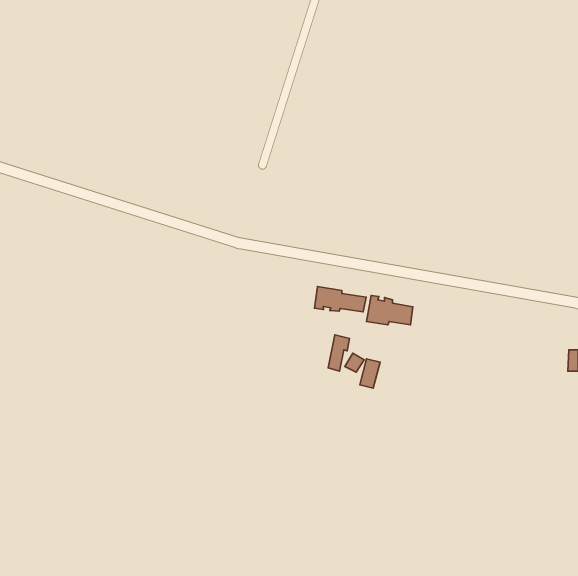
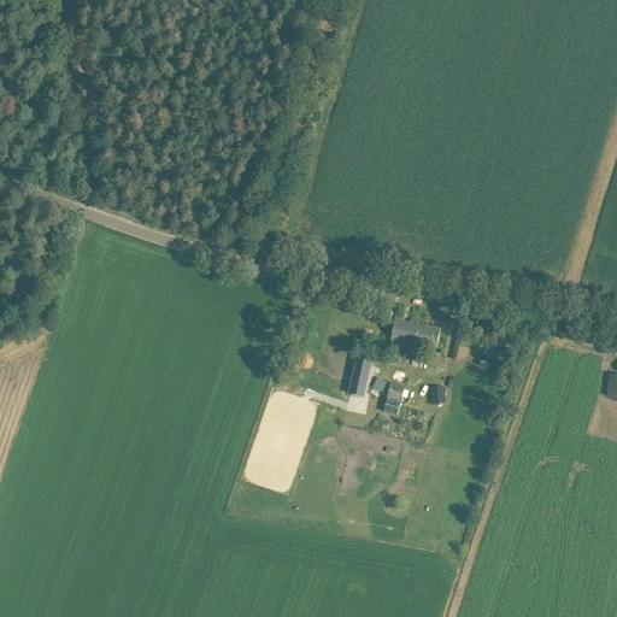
building: [315,287,366,312] -> none

